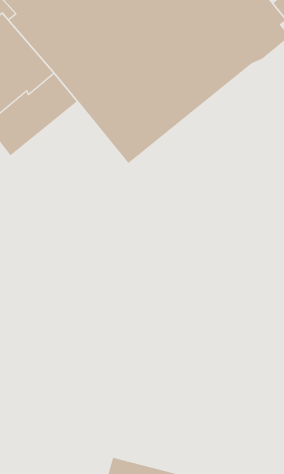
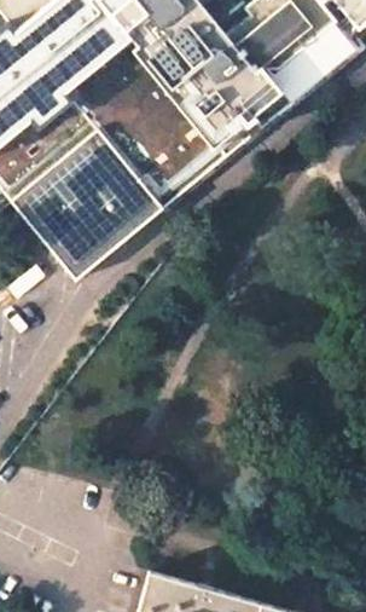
building: none -> [17,129,163,275]

